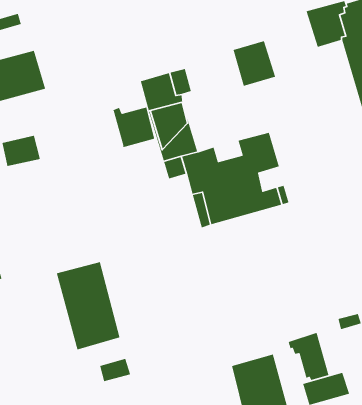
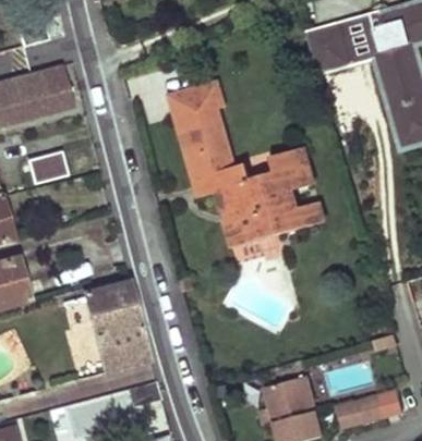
building: [232,40,276,87] -> [308,24,352,72]
building: [112,107,155,148] -> none
building: [288,332,329,381] -> none

